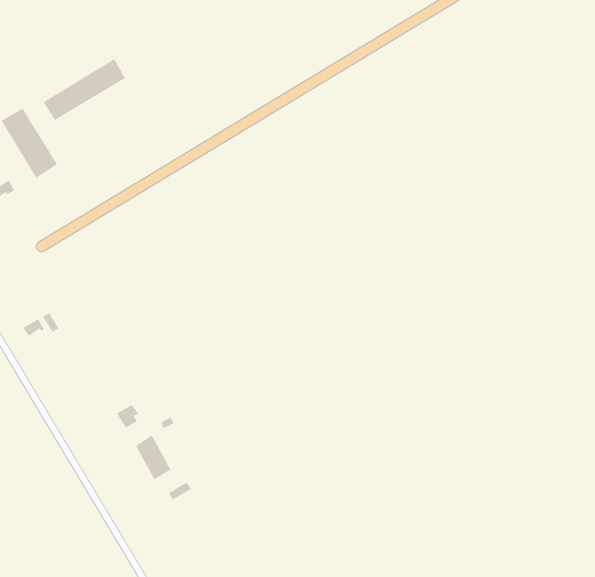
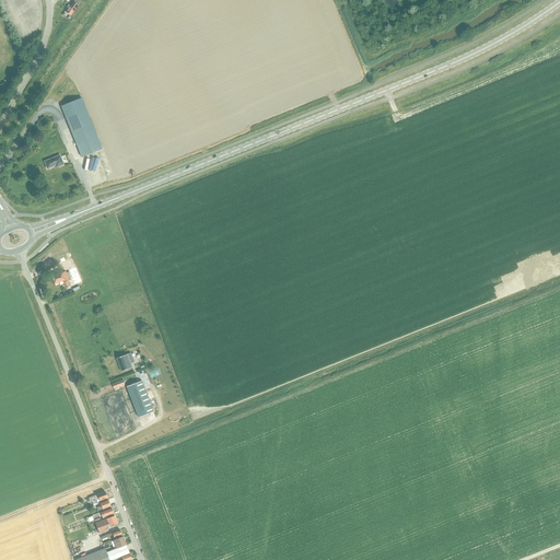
building: [43,58,125,121] -> none

